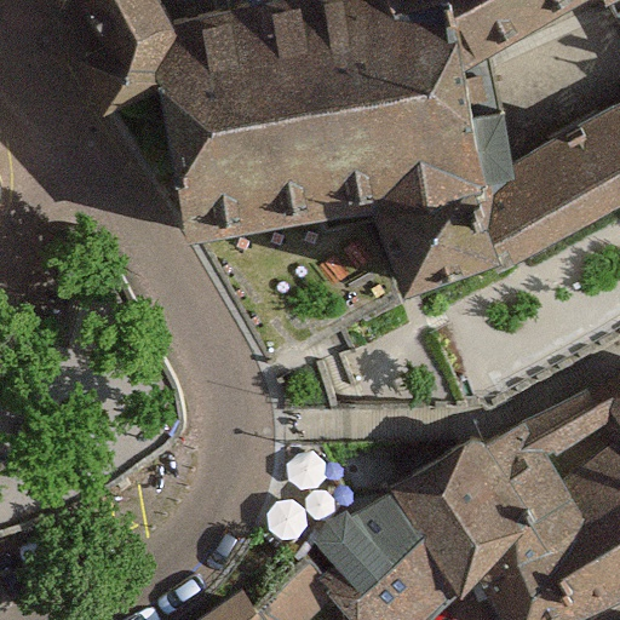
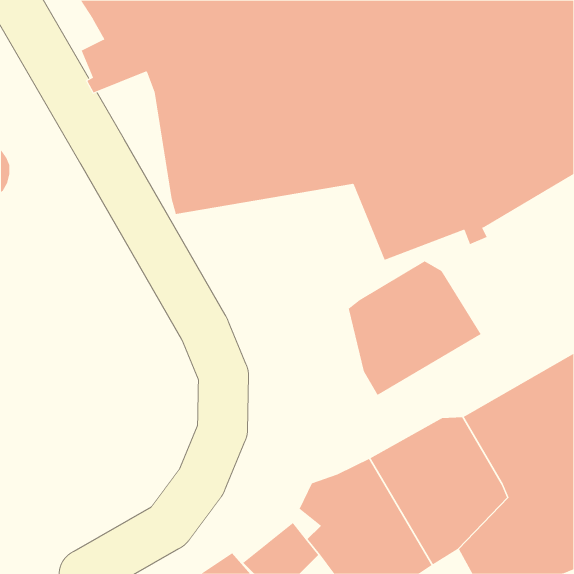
building: none -> [348,260,481,396]

